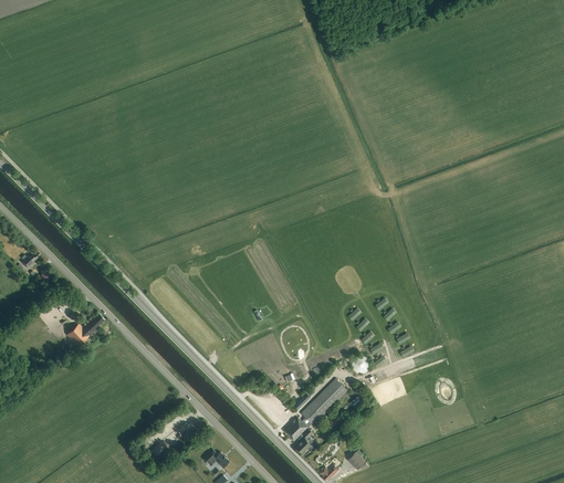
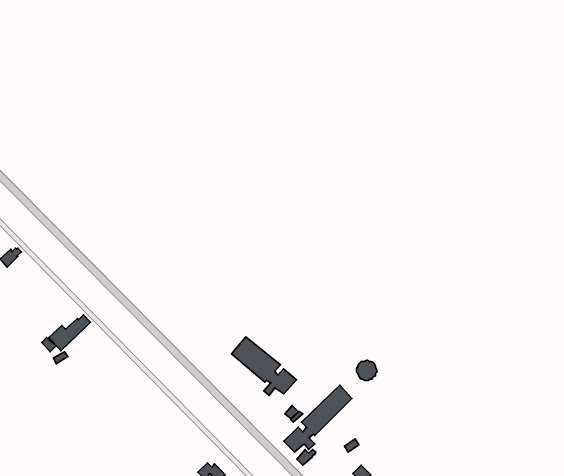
building: none -> [232,337,297,395]

